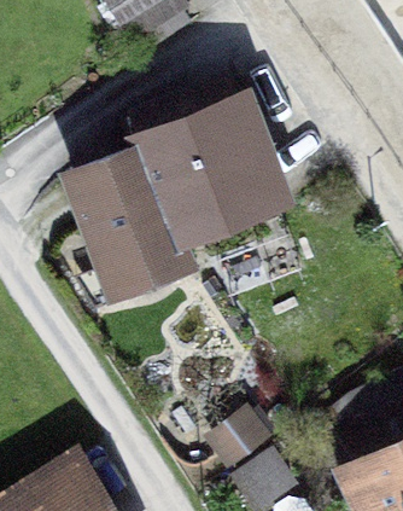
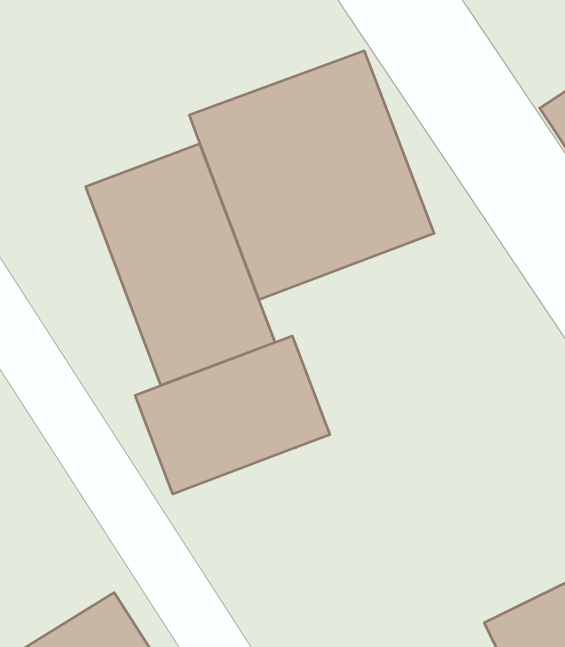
building: none -> [135,336,330,494]

